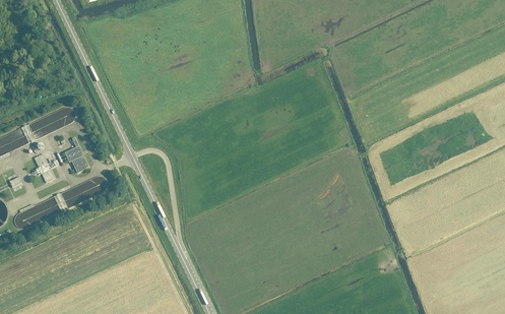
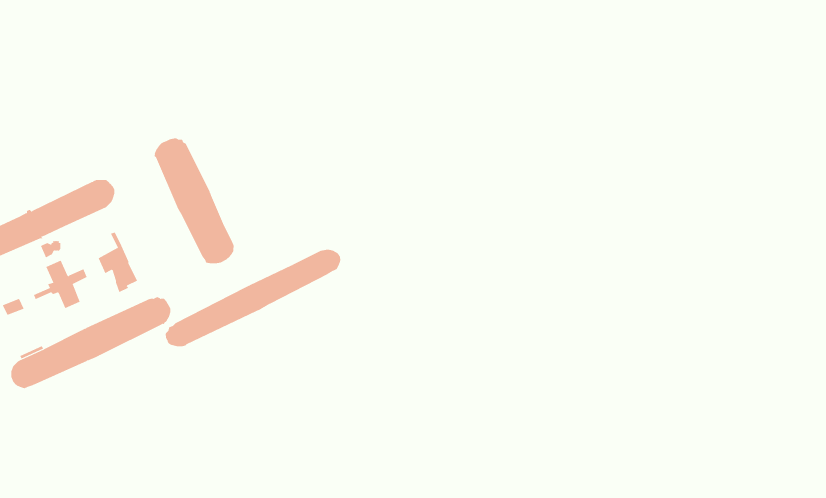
building: none -> [154,137,234,264]
building: none -> [165,249,341,347]

